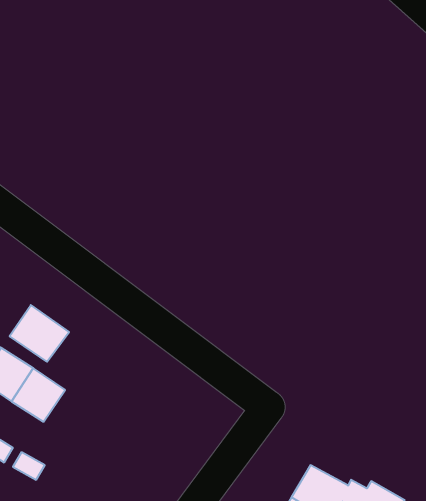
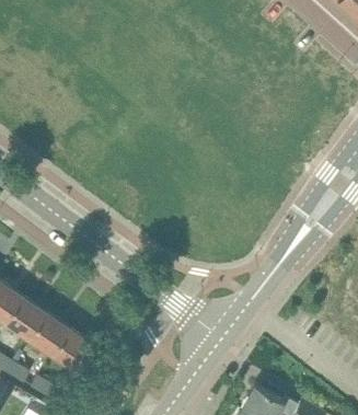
building: [10,305,69,362] -> none
building: none -> [51,328,91,369]

